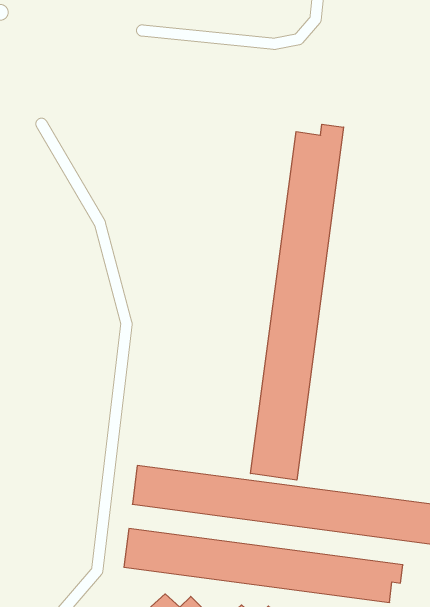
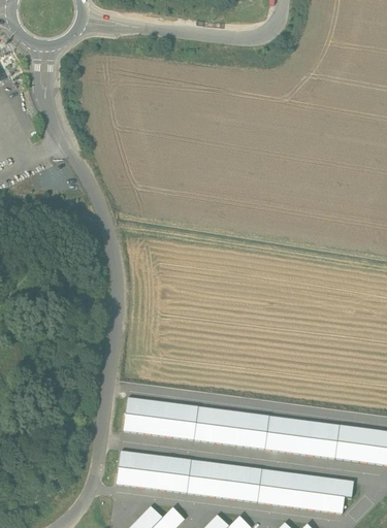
building: [251,124,344,480] -> none

